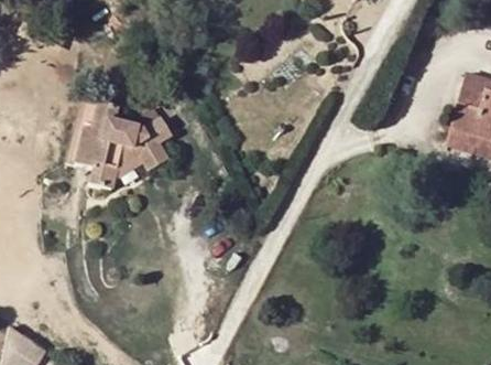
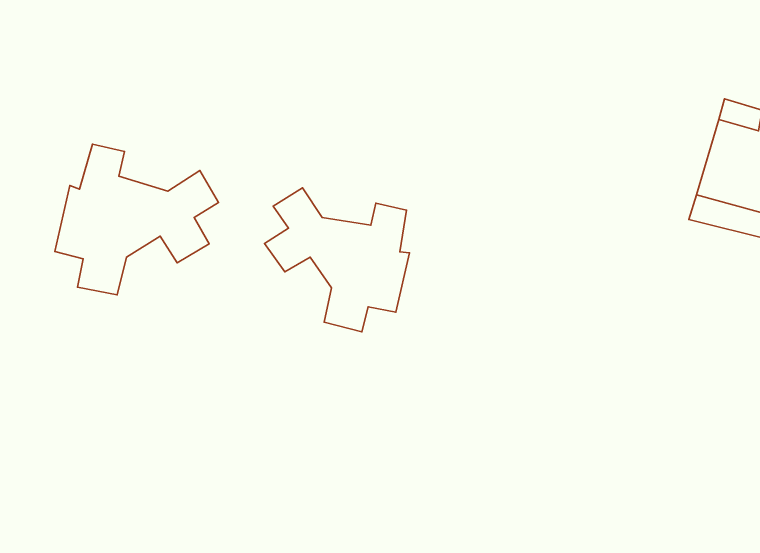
building: none -> [265,188,410,332]

